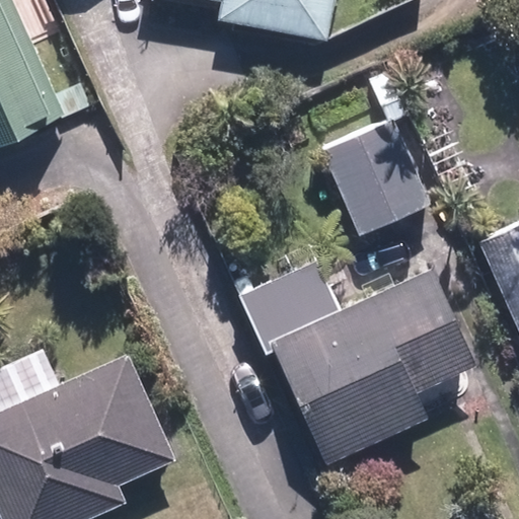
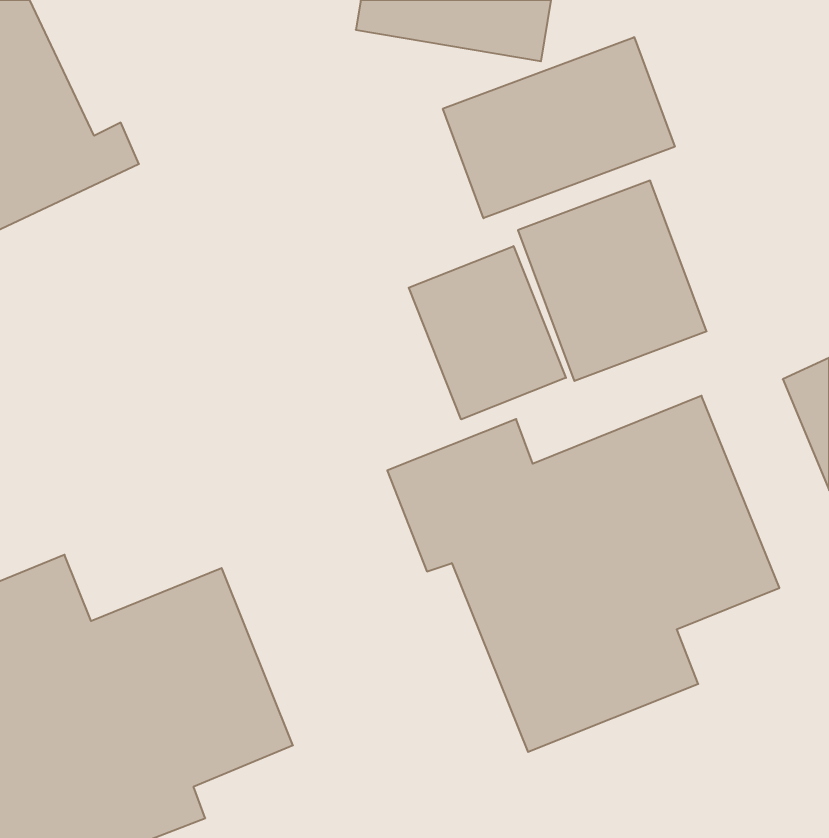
building: none -> [443,37,675,218]
building: none -> [409,246,566,419]

